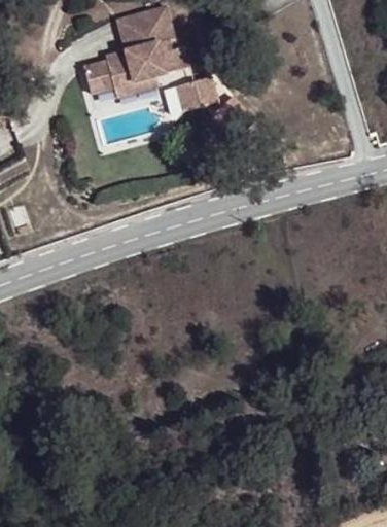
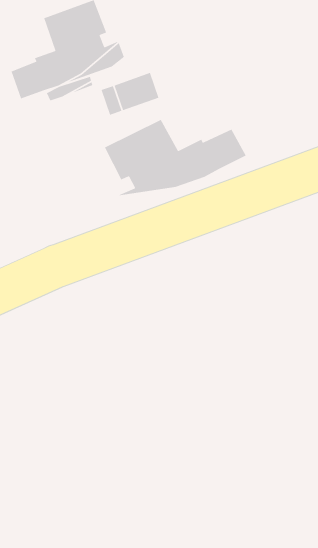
building: none -> [104,119,247,196]

